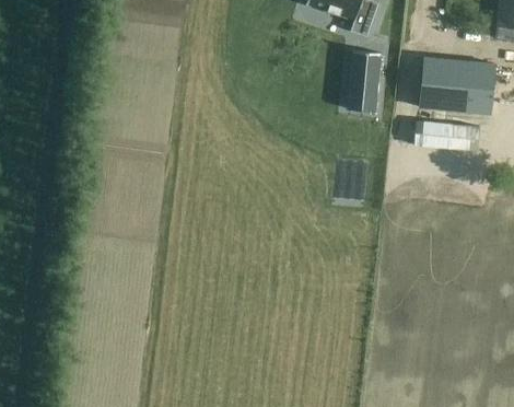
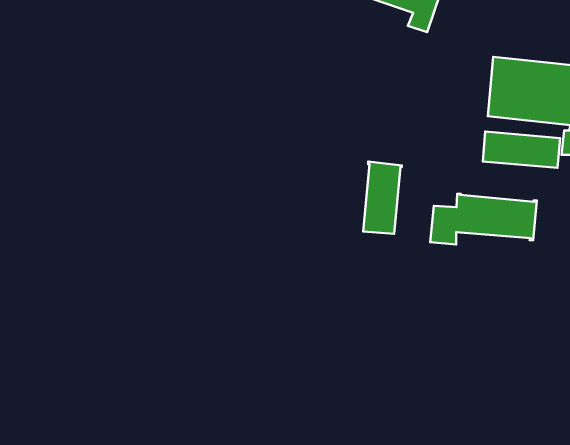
building: [348,51,381,113] -> [363,162,402,234]
building: none -> [430,194,537,244]

